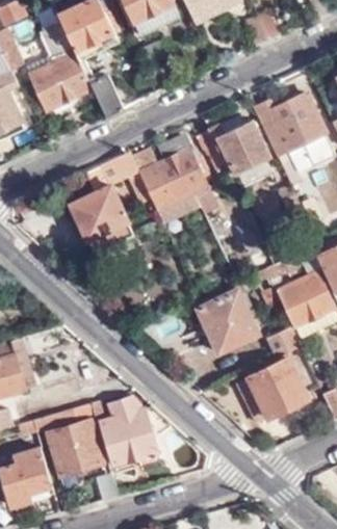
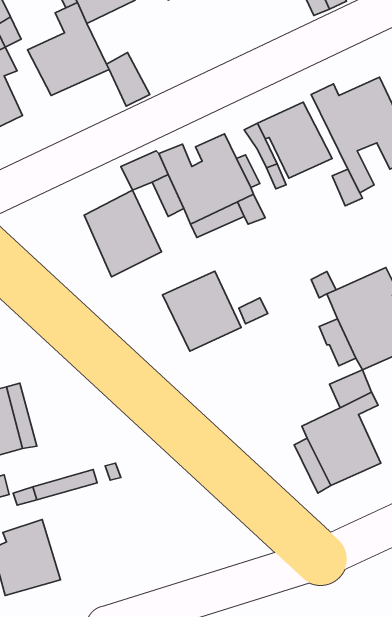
building: [196,289,258,352] -> [162,271,241,351]
building: [101,396,159,466] -> none
building: [47,421,102,475] -> none

